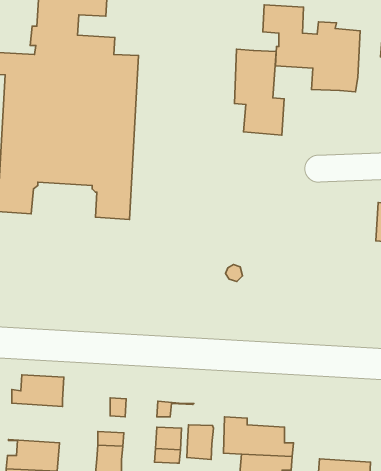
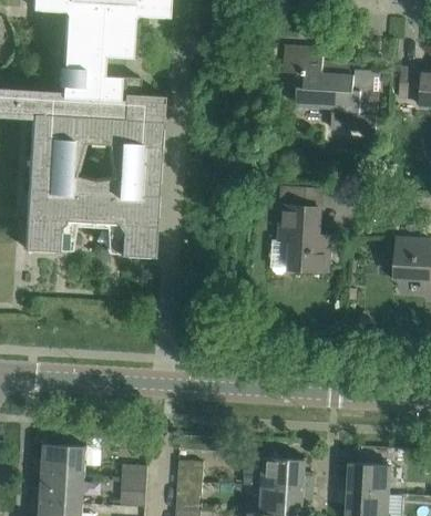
building: [234,49,284,135] -> [280,188,329,272]
building: [12,375,64,407] -> [34,445,85,476]
building: [187,425,213,459] -> none
building: none -> [339,463,391,495]

